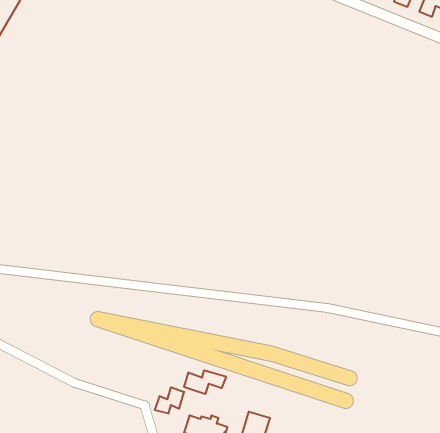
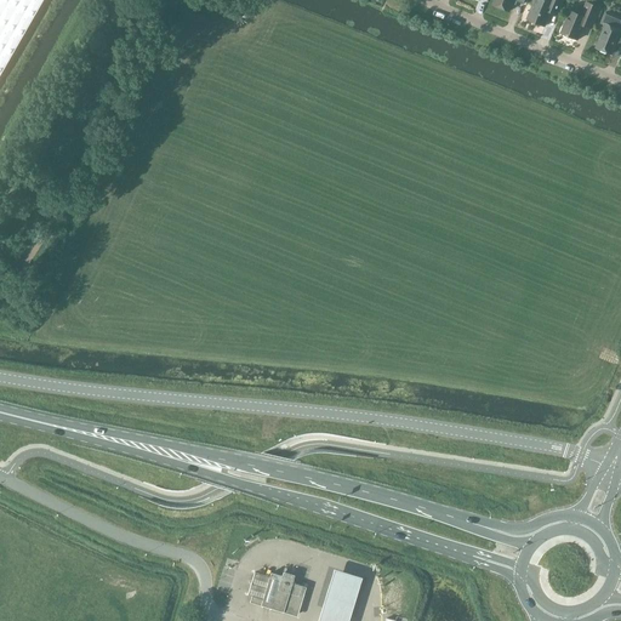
building: [184,370,226,394] -> none
building: [155,387,184,414] -> none

